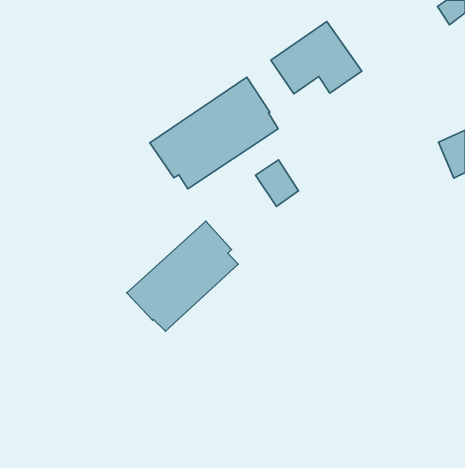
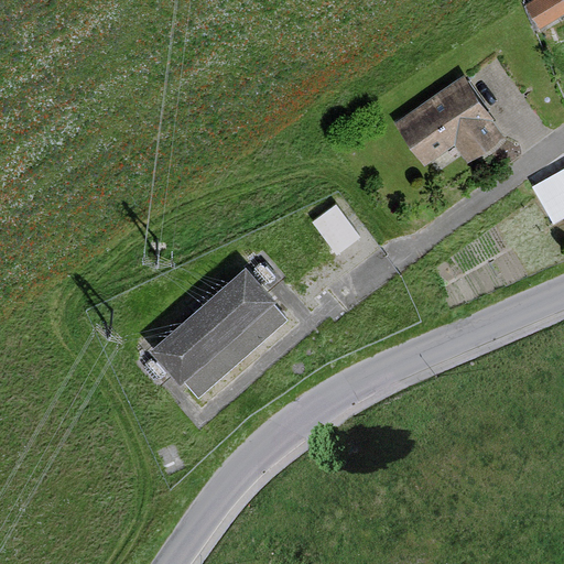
building: [271,21,362,94] -> [395,78,505,165]
building: [150,77,278,189] -> none

